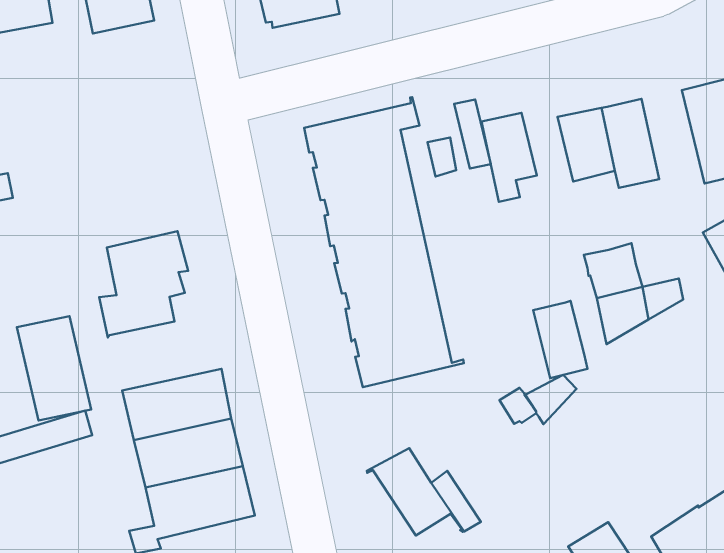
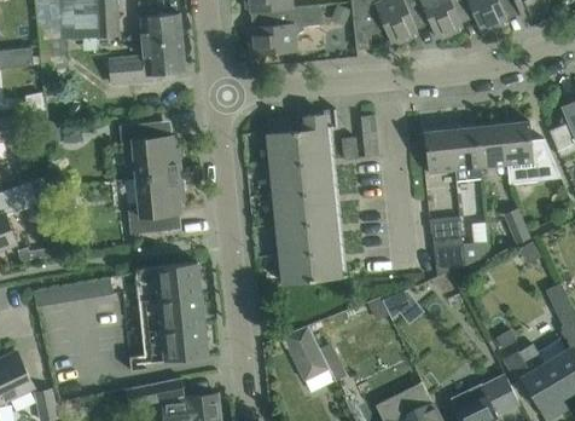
building: none -> [112,42,185,83]
building: [481,113,537,202] -> [477,125,507,178]
building: none -> [120,121,181,179]
building: [533,301,588,378] -> none
building: [17,316,91,421] -> none

